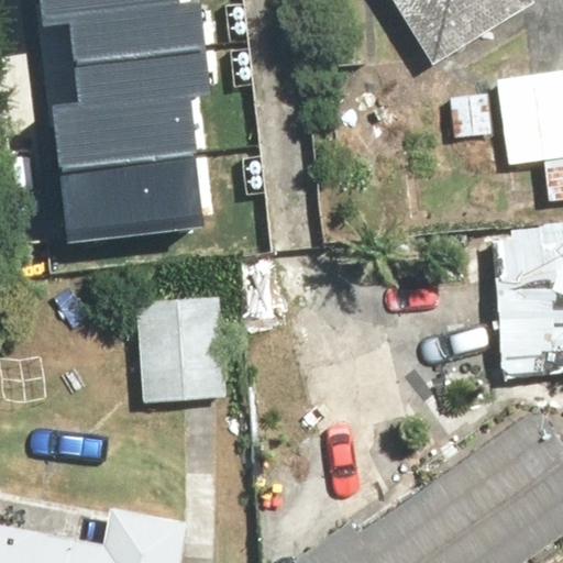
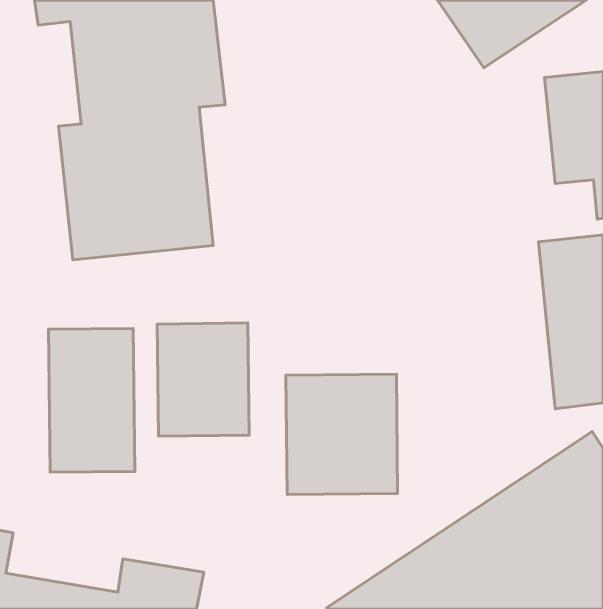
building: none -> [49,328,135,472]
building: none -> [286,374,398,495]

